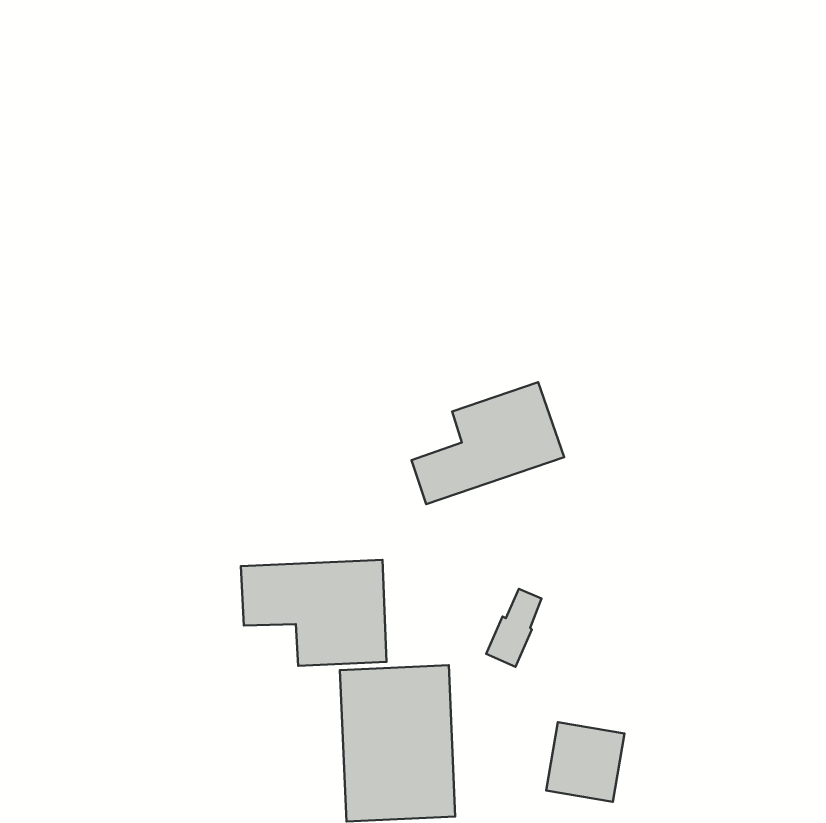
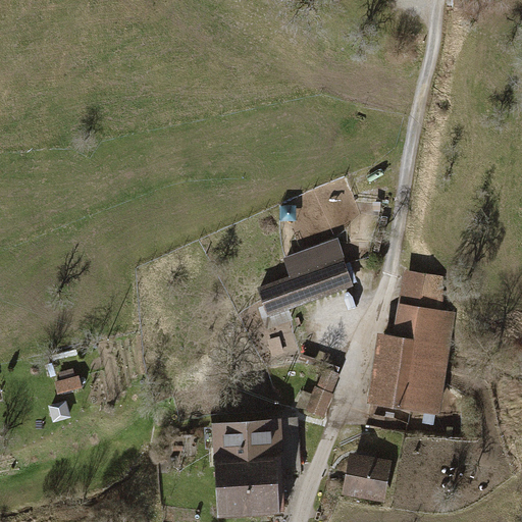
building: none -> [368,270,455,413]
building: [241,560,386,666] -> none

